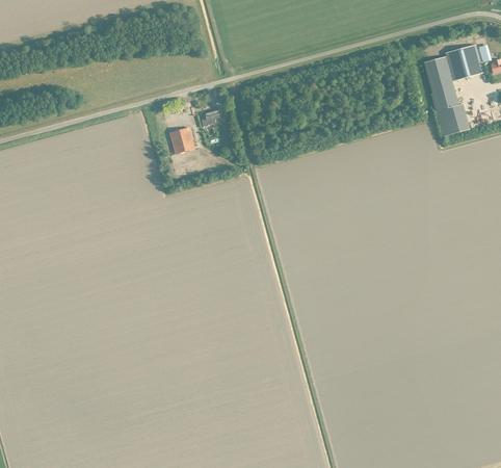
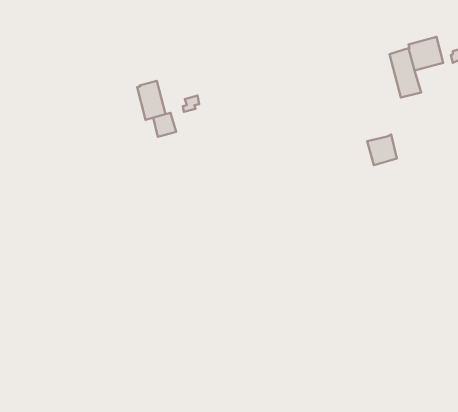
building: none -> [137,81,166,120]
building: [437,103,469,136] -> [367,134,397,165]

